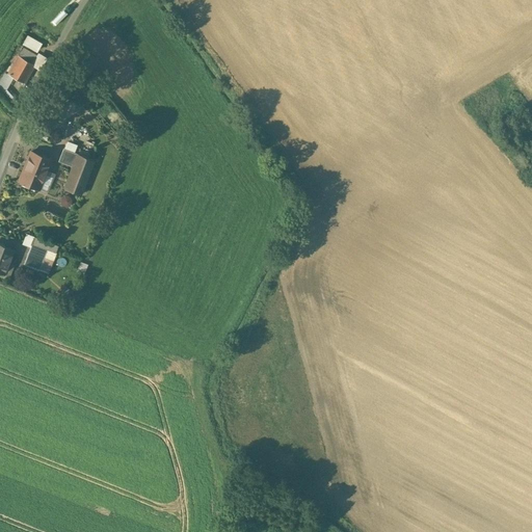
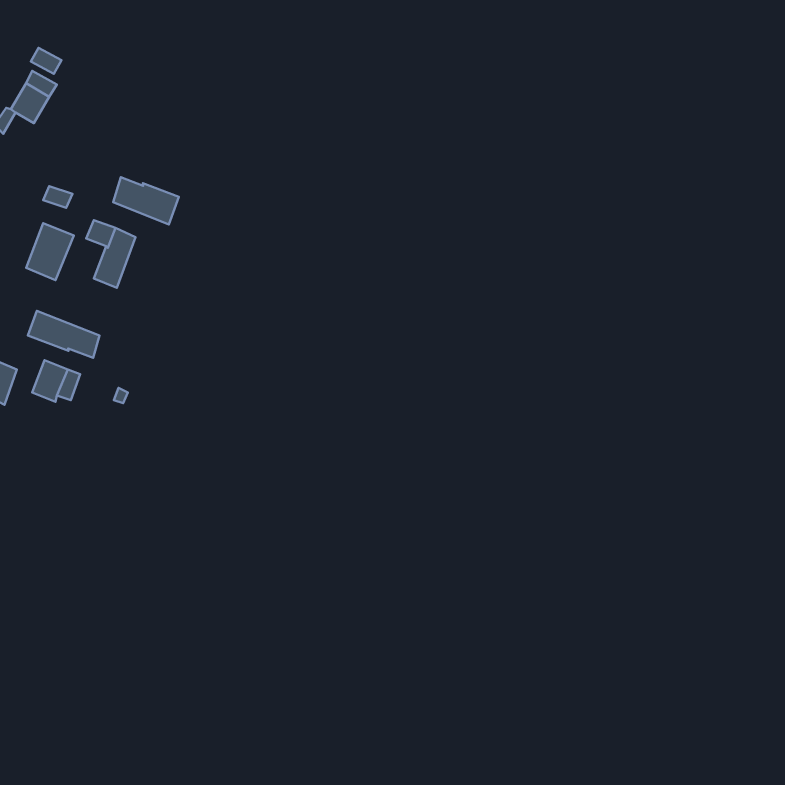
building: none -> [113,177,179,225]
building: none -> [28,311,100,358]

